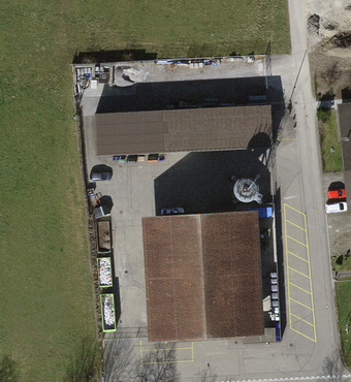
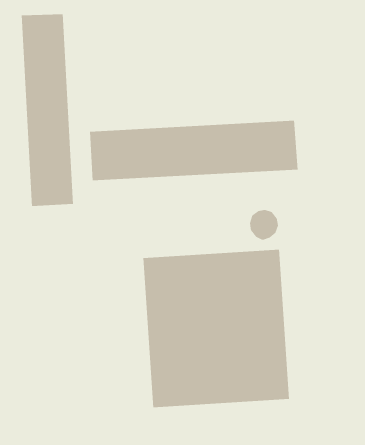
building: none -> [21,14,73,207]

